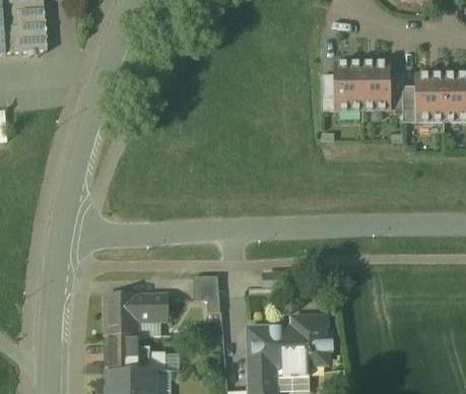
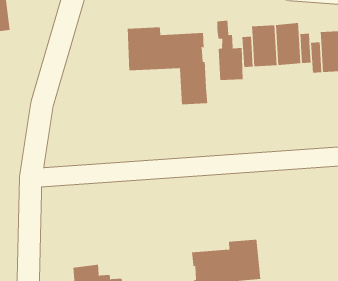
building: none -> [217,20,243,81]
building: none -> [127,26,208,105]
building: [193,273,220,310] -> none
building: [105,292,169,336] -> none

